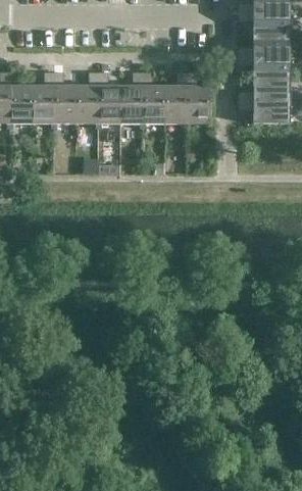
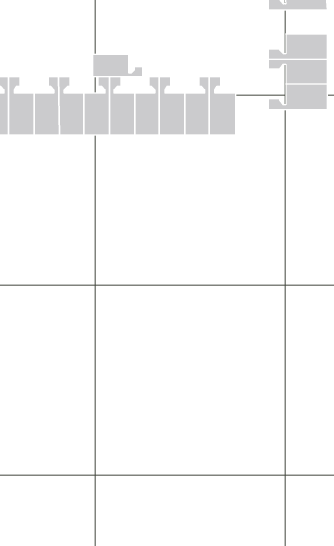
building: [238,12,290,34] -> none
building: none -> [93,54,142,77]
building: [238,100,290,122] -> none

